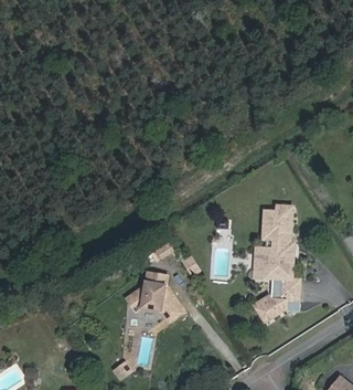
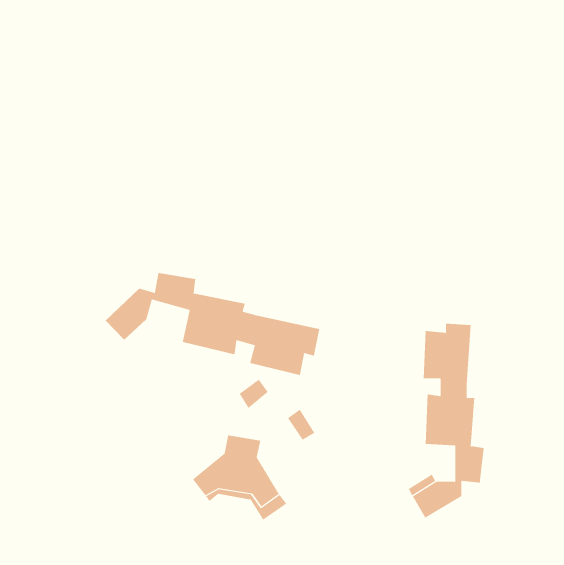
building: none -> [105,272,320,376]

